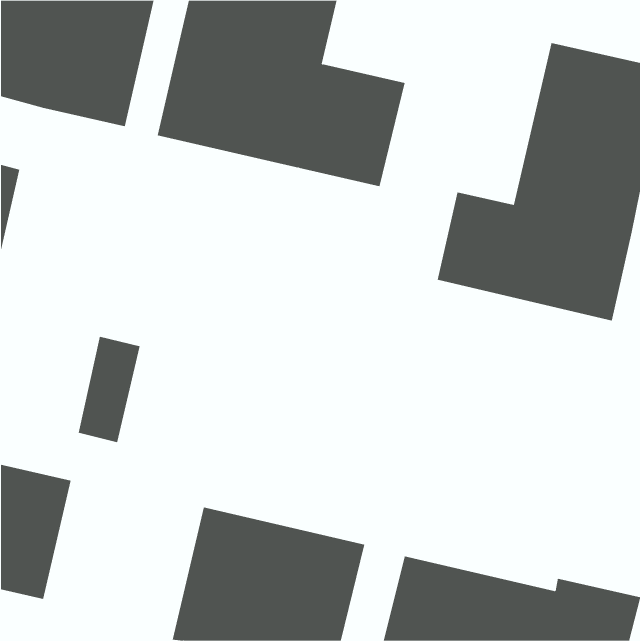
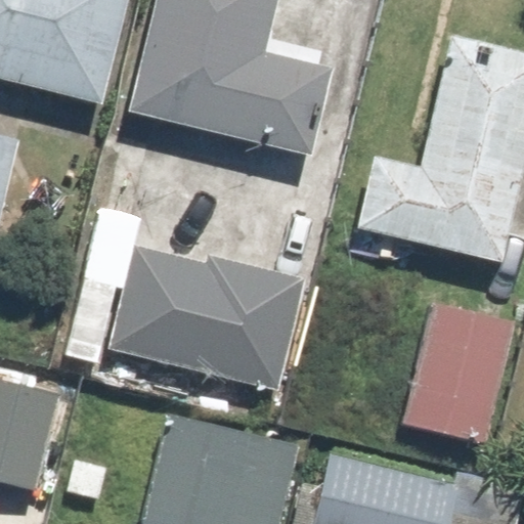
building: none -> [110,239,304,389]
building: none -> [404,303,513,441]

